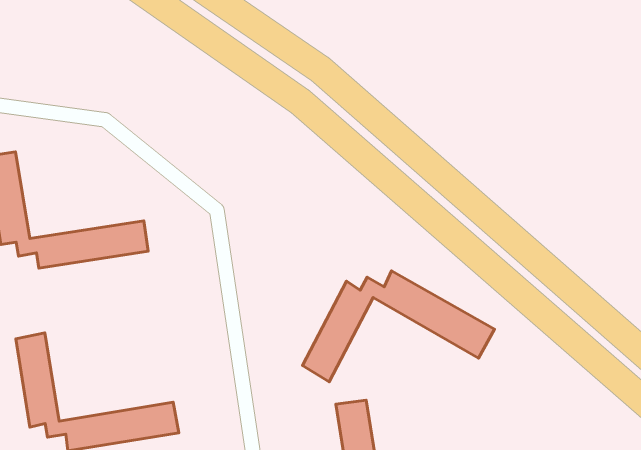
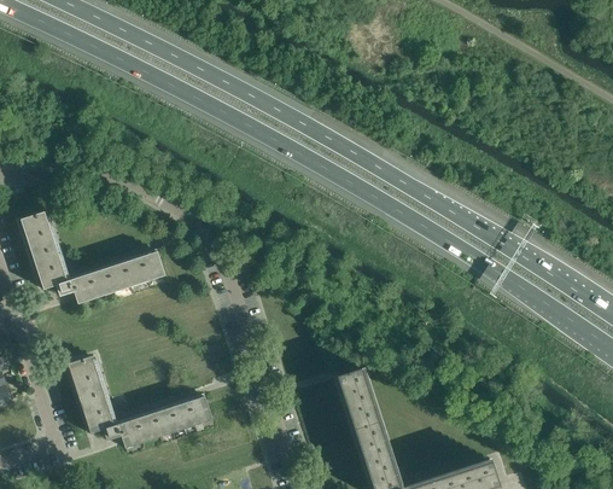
building: [303,271,494,382] -> none

